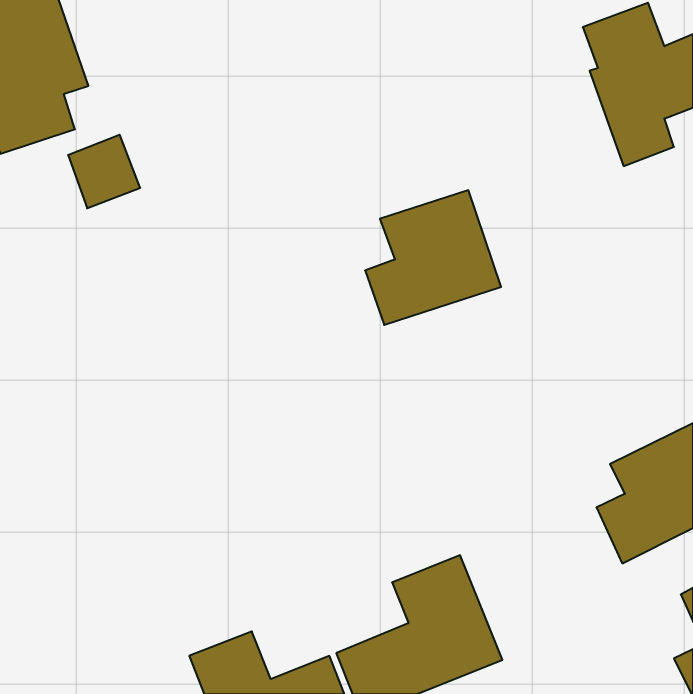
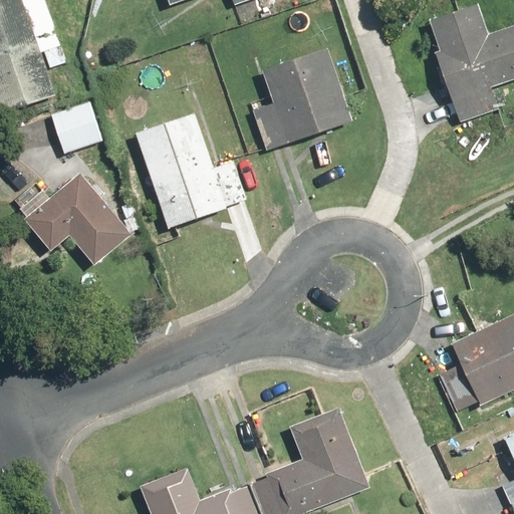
building: none -> [137,115,247,228]
building: [365,190,501,325] -> [252,50,352,150]
building: none -> [10,174,131,265]

